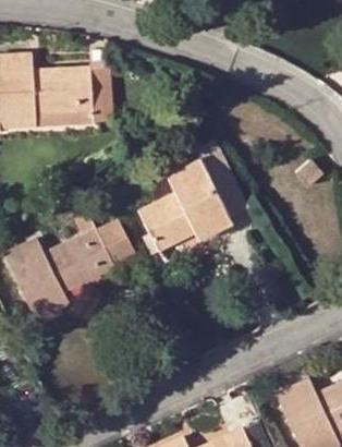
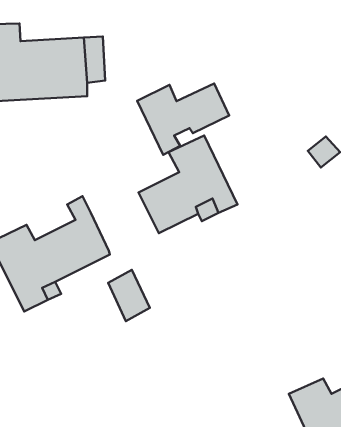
building: none -> [137,84,229,155]
building: [96,217,134,264] -> [108,270,150,321]

